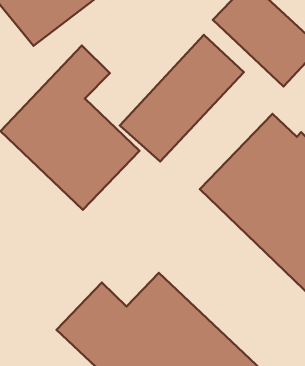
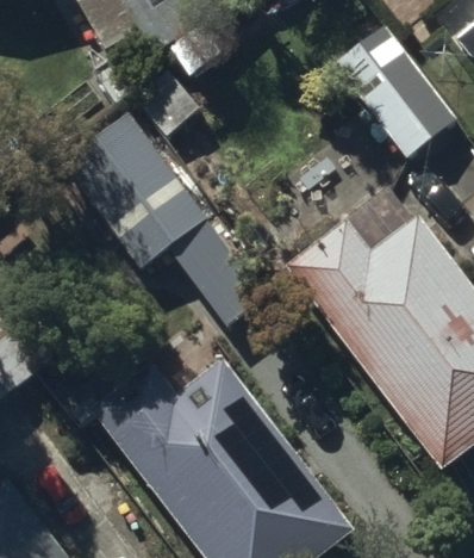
building: [120,35,244,162] -> none

